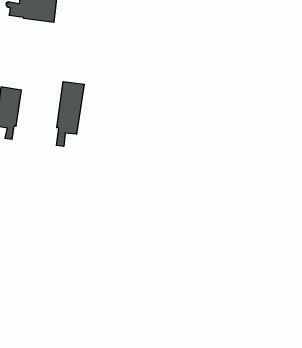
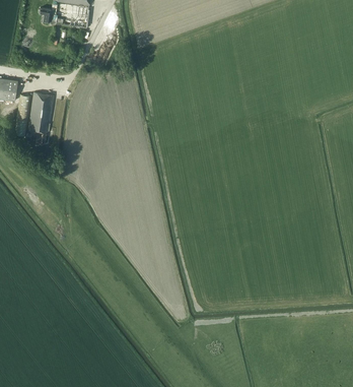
building: [56,82,84,146] -> none

